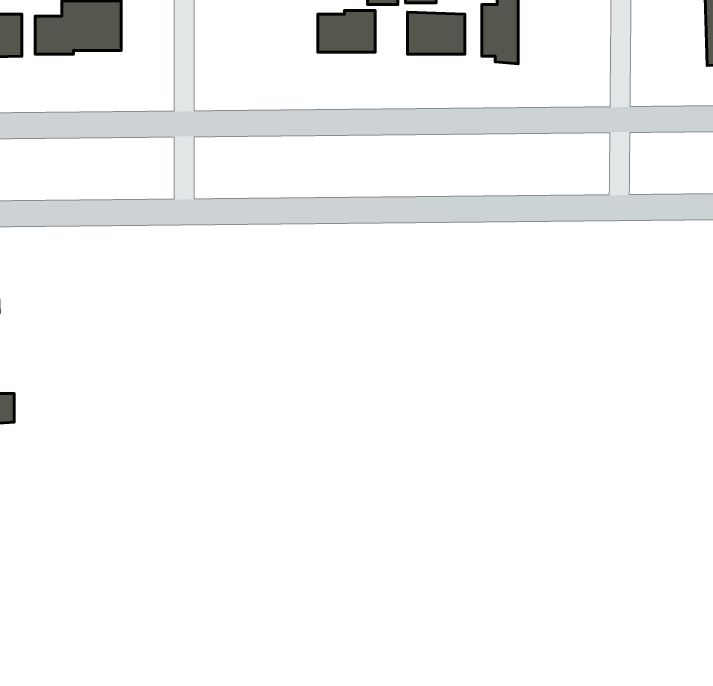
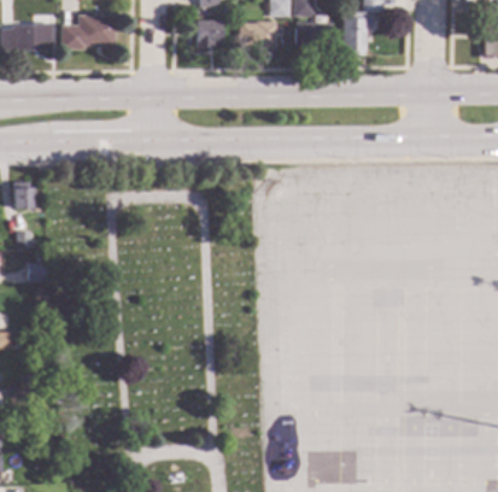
building: none -> [197,20,222,48]

